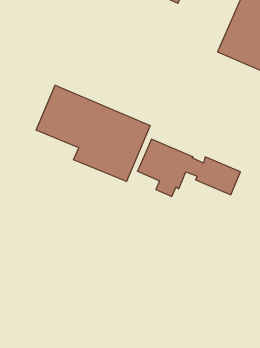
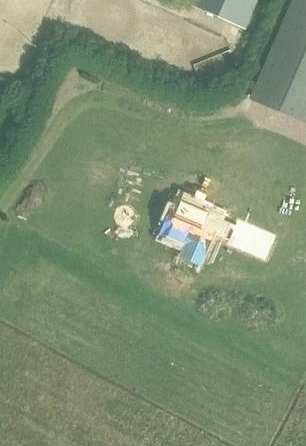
building: [36,85,150,182] -> none

